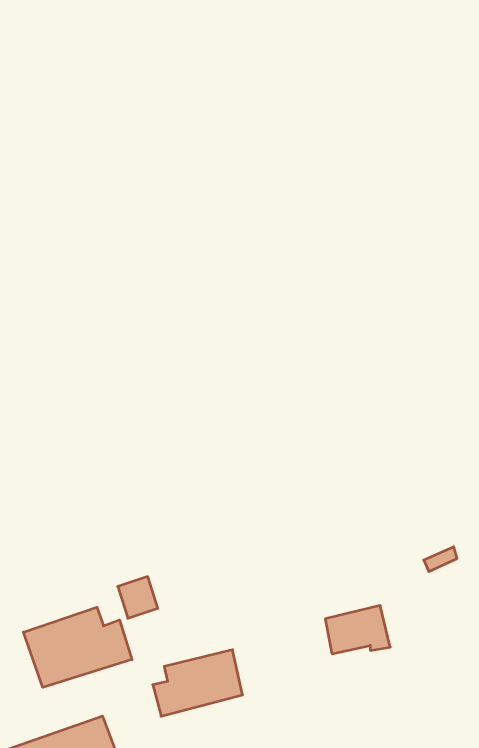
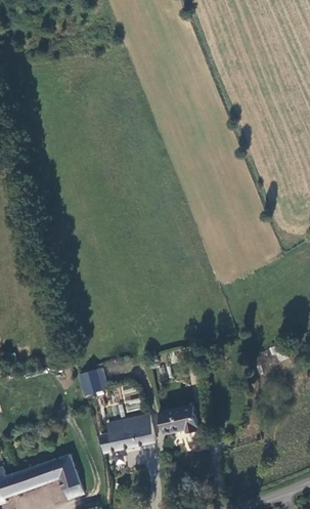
building: [325,606,390,654] -> [159,405,198,434]
building: [23,607,132,687] -> none

